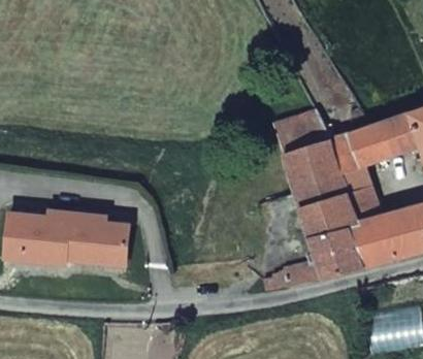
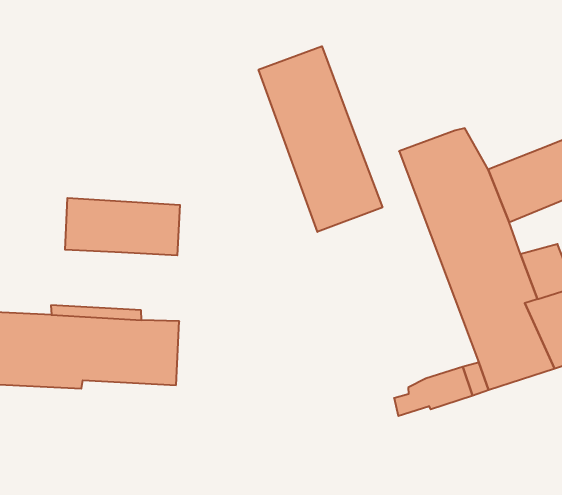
building: none -> [259,46,382,232]
building: none -> [65,198,180,255]

